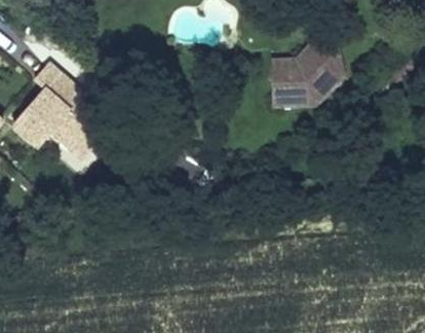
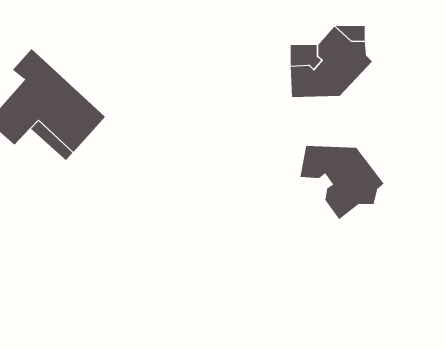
building: none -> [300,145,385,220]

